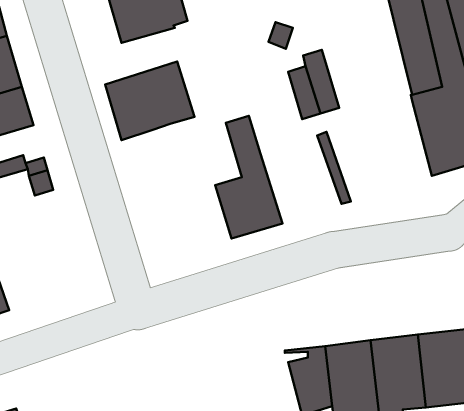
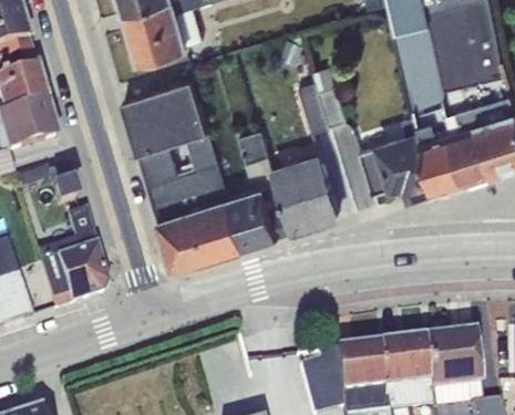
building: none -> [361,113,437,193]
building: none -> [141,128,246,267]
building: none -> [274,149,340,230]
building: none -> [38,206,107,307]

